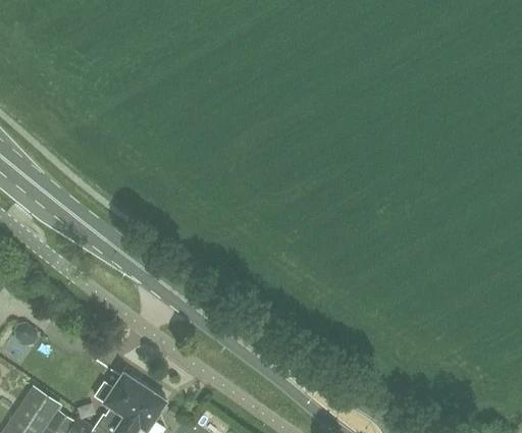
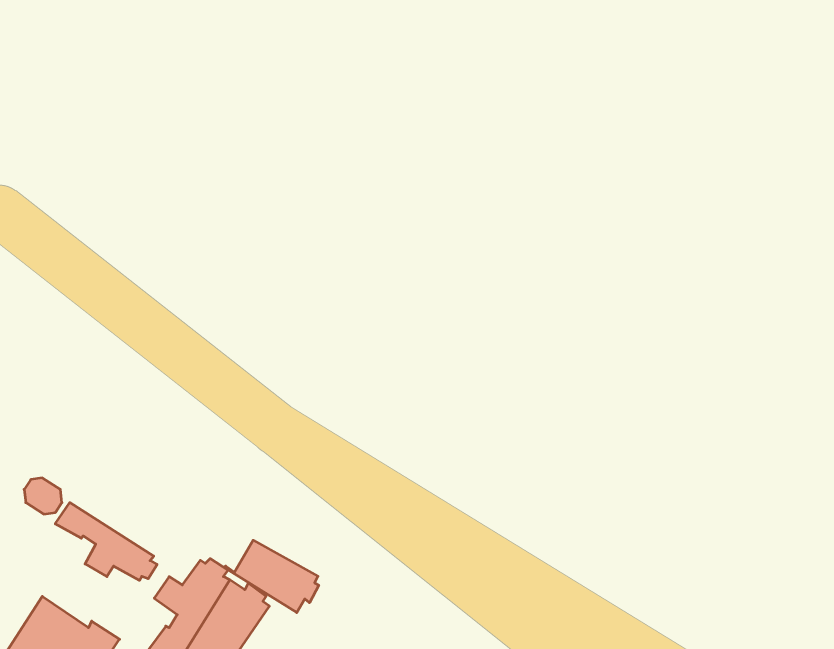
building: none -> [55,503,157,580]
building: none -> [225,540,319,613]

